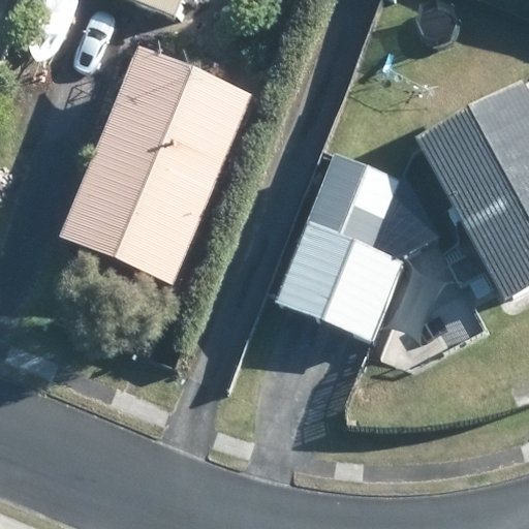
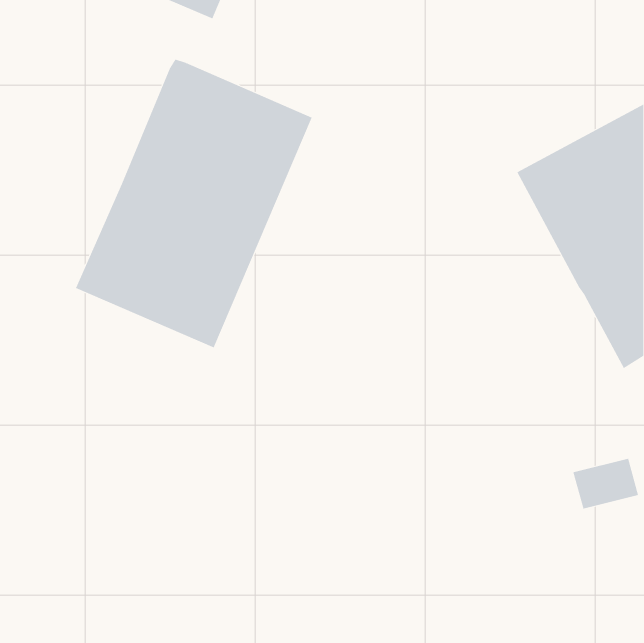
building: [275,150,401,338] -> none

